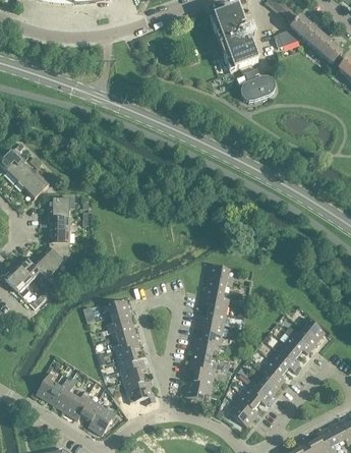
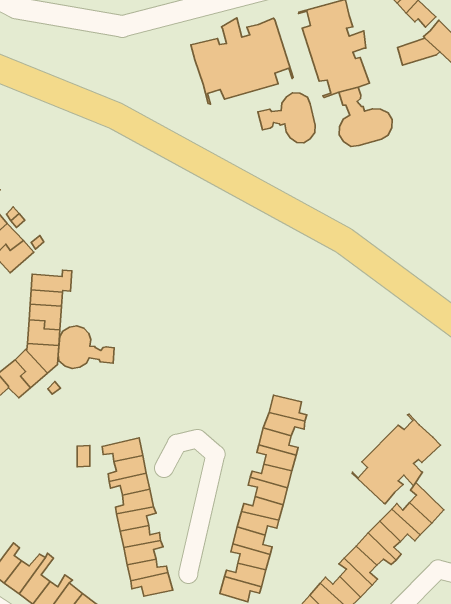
building: none -> [191,18,293,104]
building: none -> [258,93,315,143]
building: none -> [58,326,114,368]
building: none -> [352,414,441,504]

